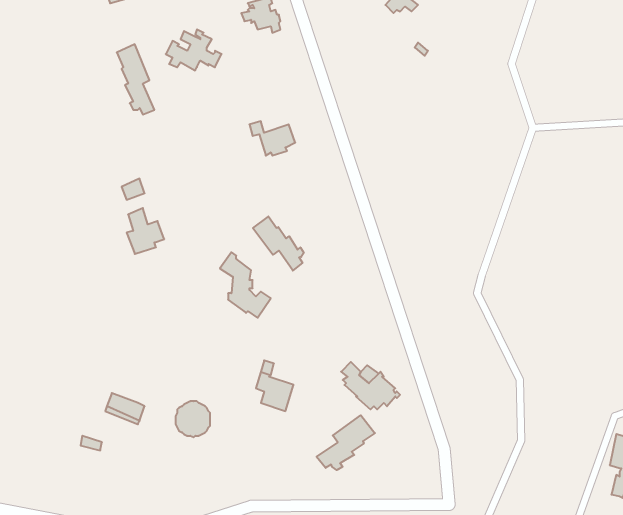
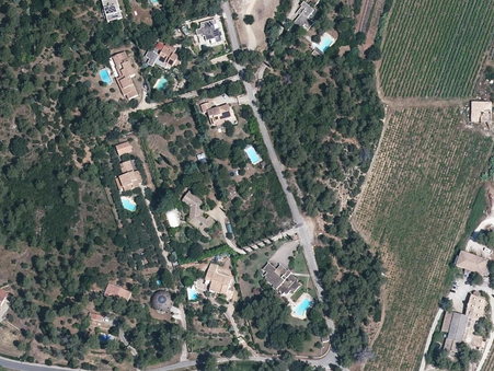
building: [253,216,304,271] -> none
building: [317,415,375,470] -> none

